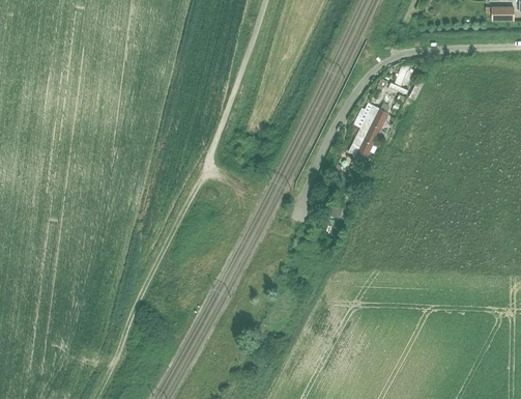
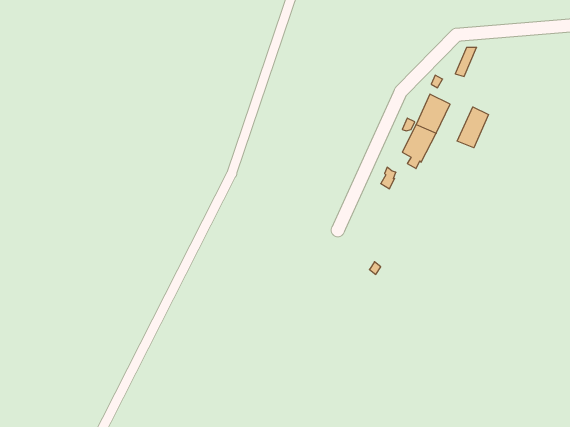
building: none -> [457,107,489,148]

